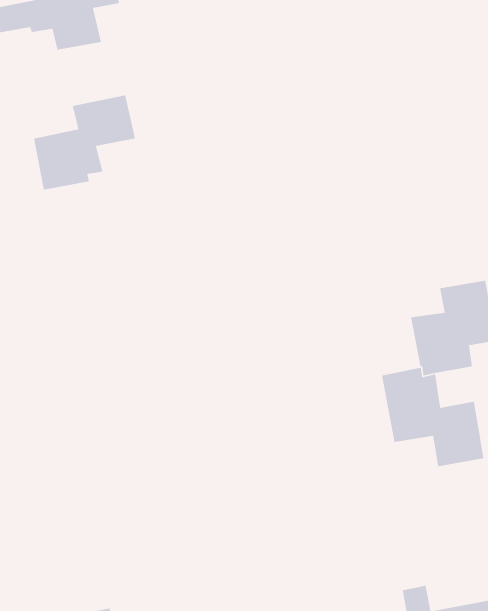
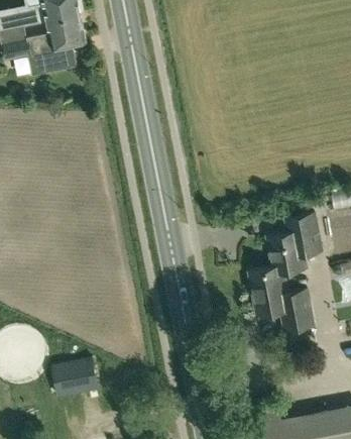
building: [33,94,136,191] -> none
building: none -> [52,358,98,396]

